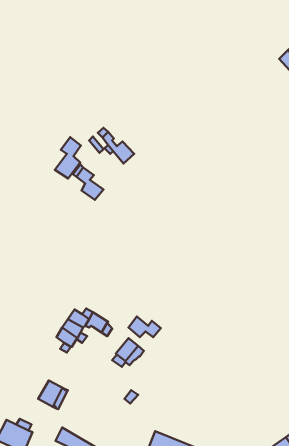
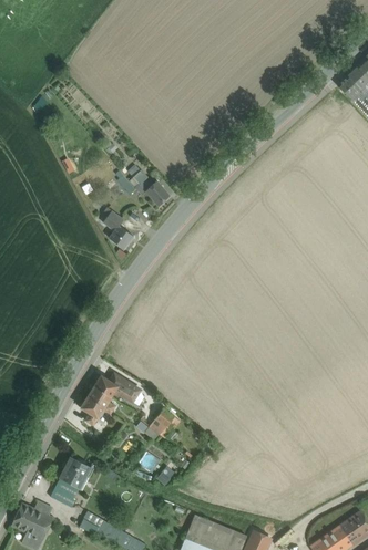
building: [55,137,81,178] -> none
building: [128,316,161,337] -> none
building: none -> [51,478,78,508]

